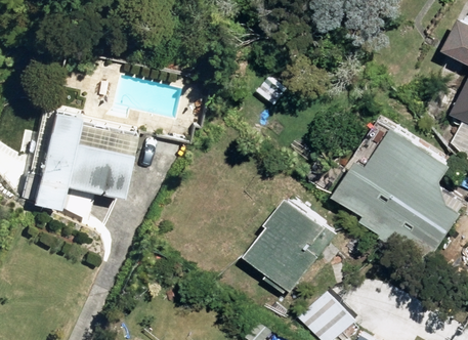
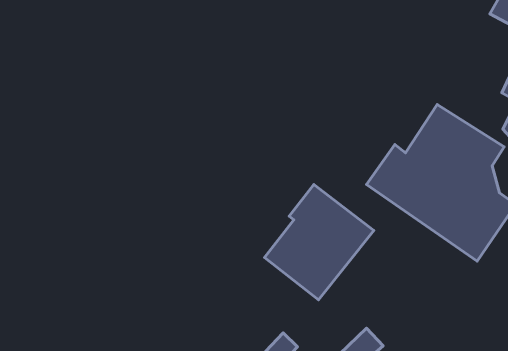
building: [18,105,128,226] -> none

